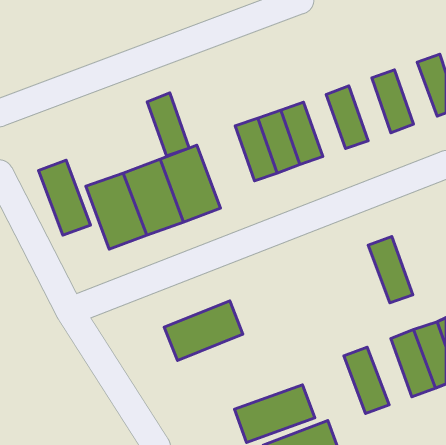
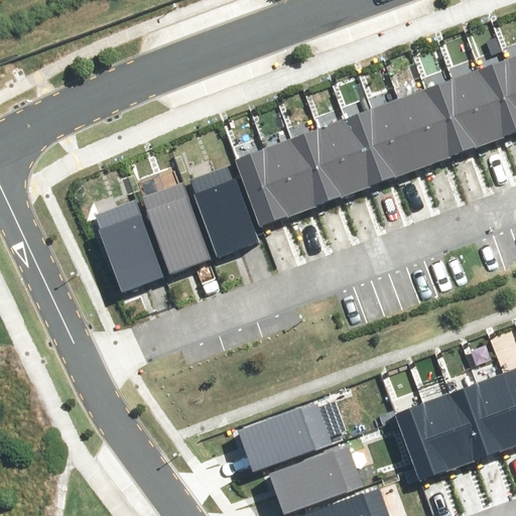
building: none -> [455,74,504,145]
building: none -> [402,92,450,164]
building: [147,93,189,156] -> [245,147,293,220]
building: none -> [350,111,398,182]
building: [38,160,90,235] -> none
building: [368,236,413,303] -> [423,392,475,469]
building: [164,301,243,360] -> [240,402,331,471]

